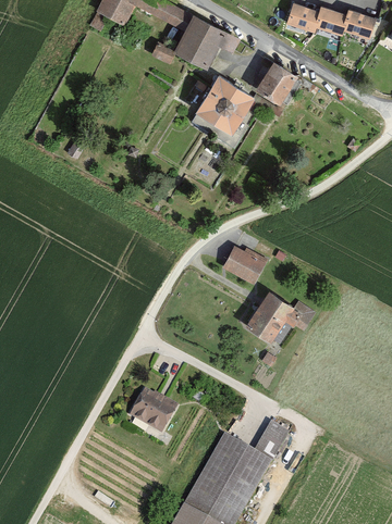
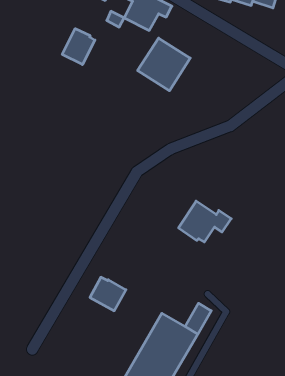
building: [255,61,298,104] -> none
building: none -> [62,29,95,65]
building: [222,247,266,284] -> none

